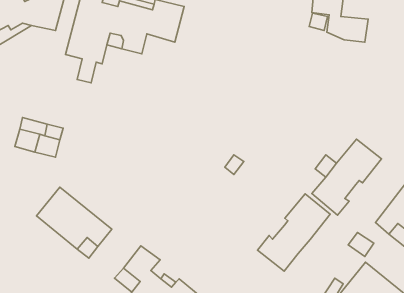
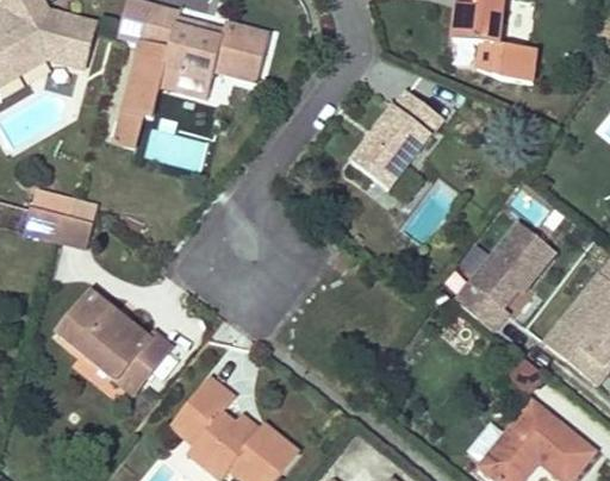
building: none -> [351,90,442,188]
building: [257,194,330,271] -> none

